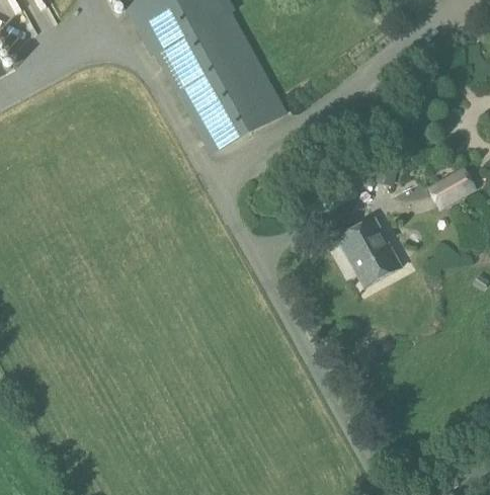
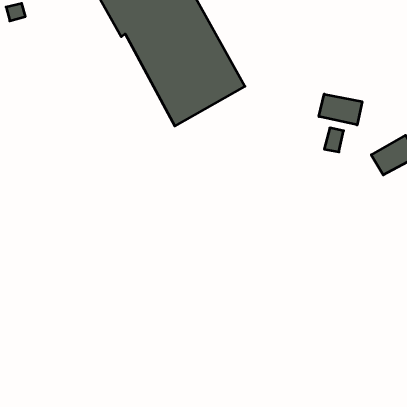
building: none -> [319,94,362,125]
building: [339,217,401,284] -> none

